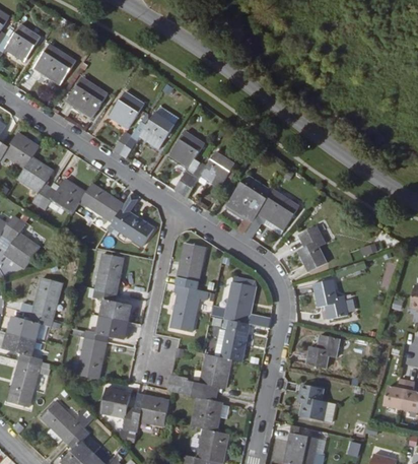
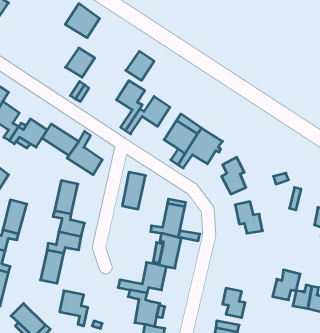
building: [34,45,74,84] -> none
building: [65,76,107,118] -> [65,4,100,38]
building: [139,113,173,148] -> [126,51,154,80]
building: [171,284,207,331] -> none
building: [306,333,340,370] -> [273,270,300,300]
building: [130,394,170,433] -> none

